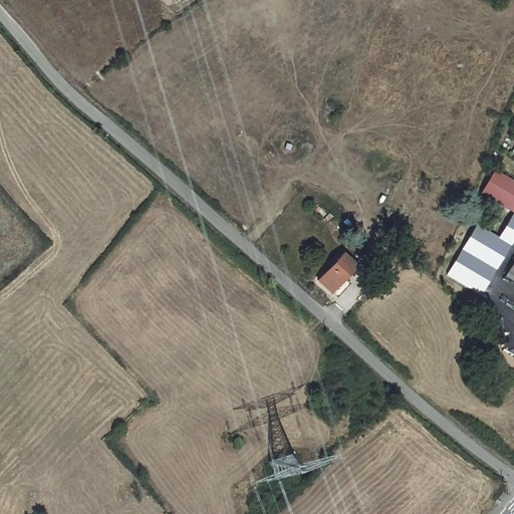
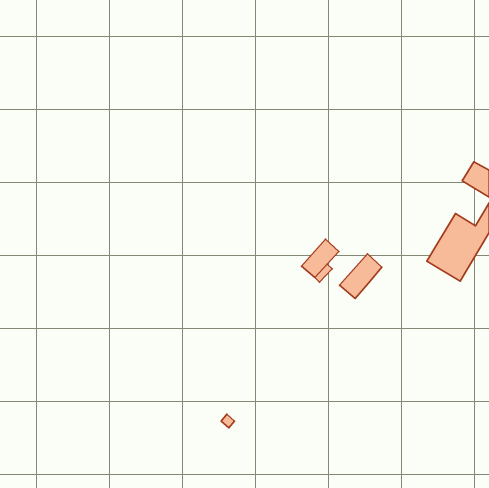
building: none -> [340,254,382,298]

